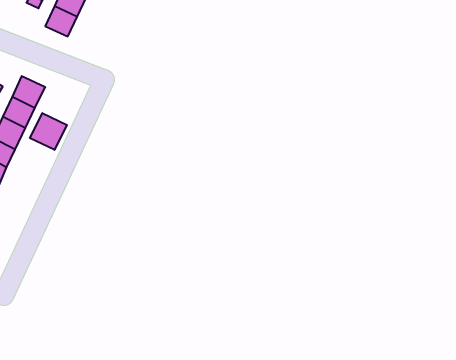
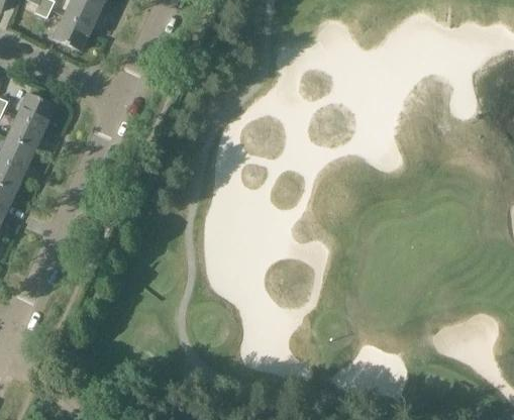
building: [30,113,67,150] -> none

